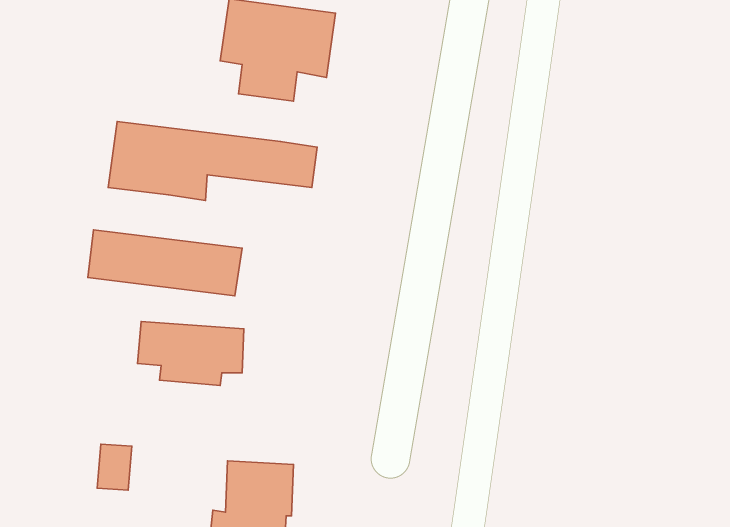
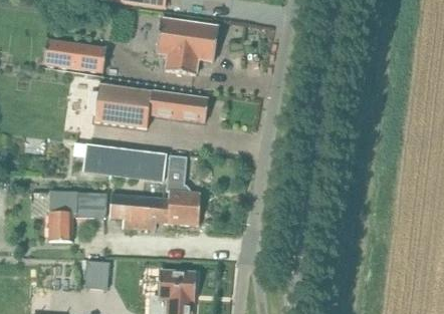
building: none -> [42,37,105,71]
building: none -> [166,154,200,225]
building: none -> [48,191,105,240]

